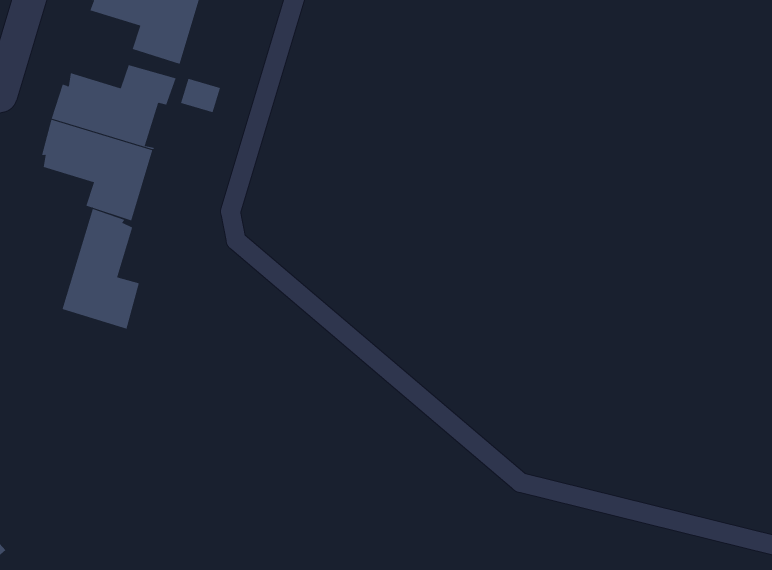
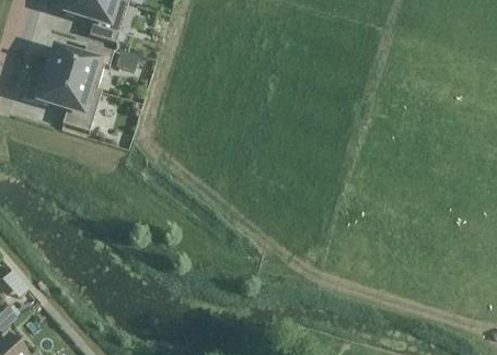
building: [62,208,140,329] -> none

